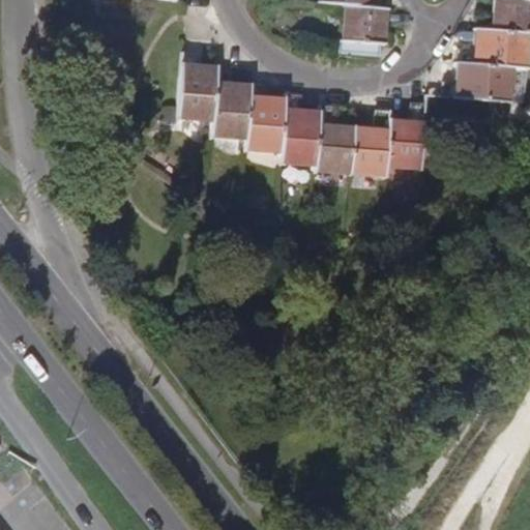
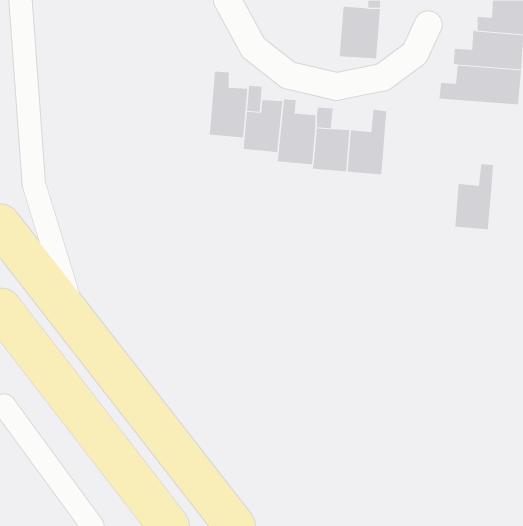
building: [180,54,218,121] -> none
building: [388,104,428,170] -> [455,164,494,230]

